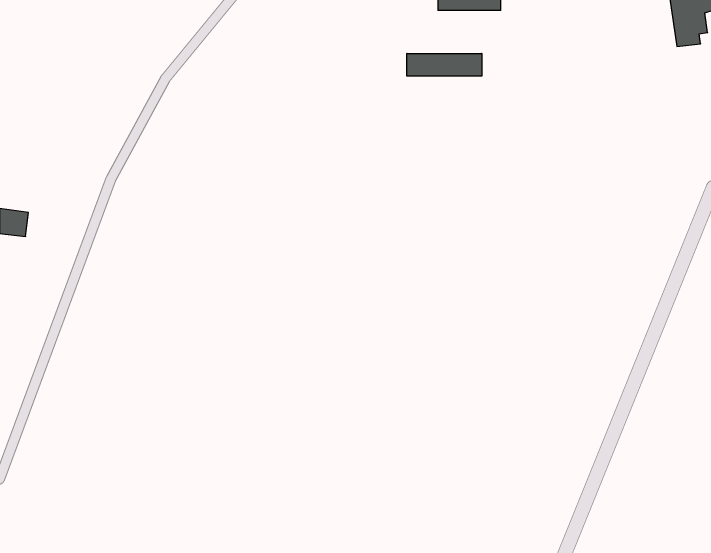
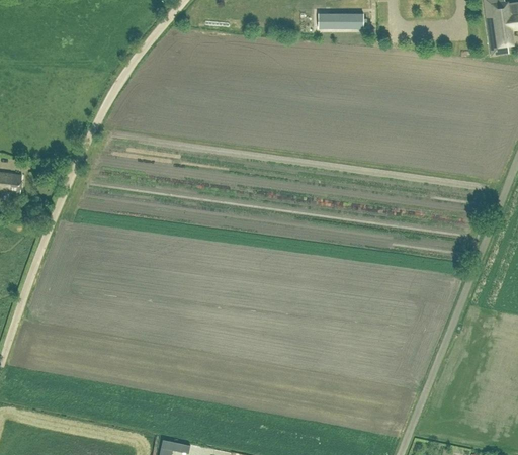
building: [407,53,482,76] -> none

